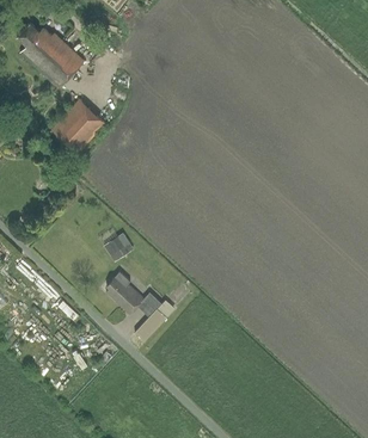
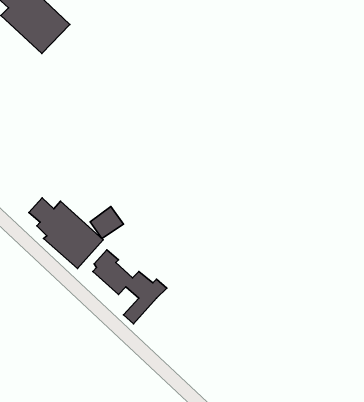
building: [50,99,105,154] -> none
building: none -> [29,198,103,269]

